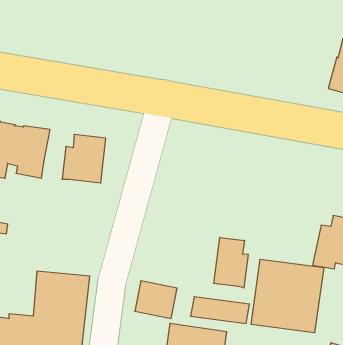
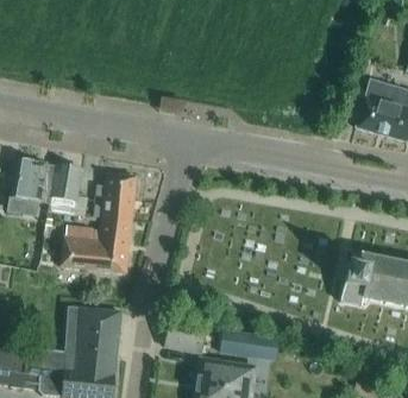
building: none -> [61,216,132,272]
building: [214,237,248,288] -> none
building: [251,259,324,333] -> none

